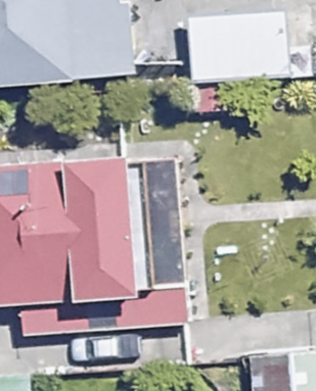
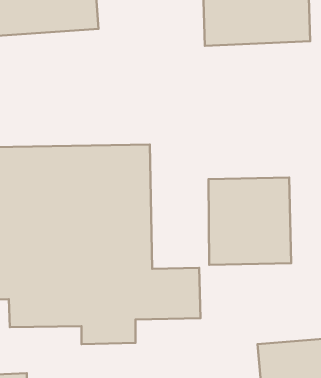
building: none -> [209,178,291,265]

